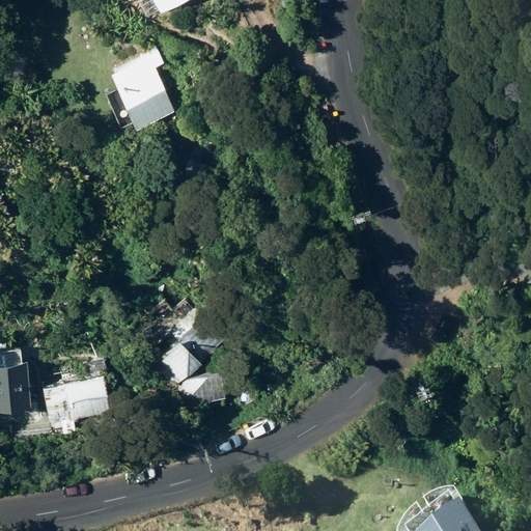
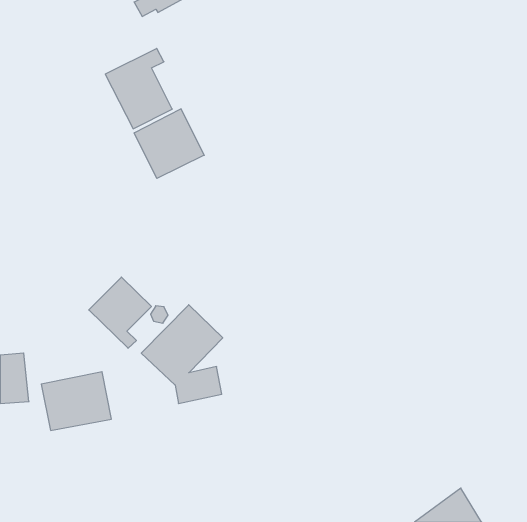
building: none -> [134,109,204,178]
building: none -> [89,277,151,348]

